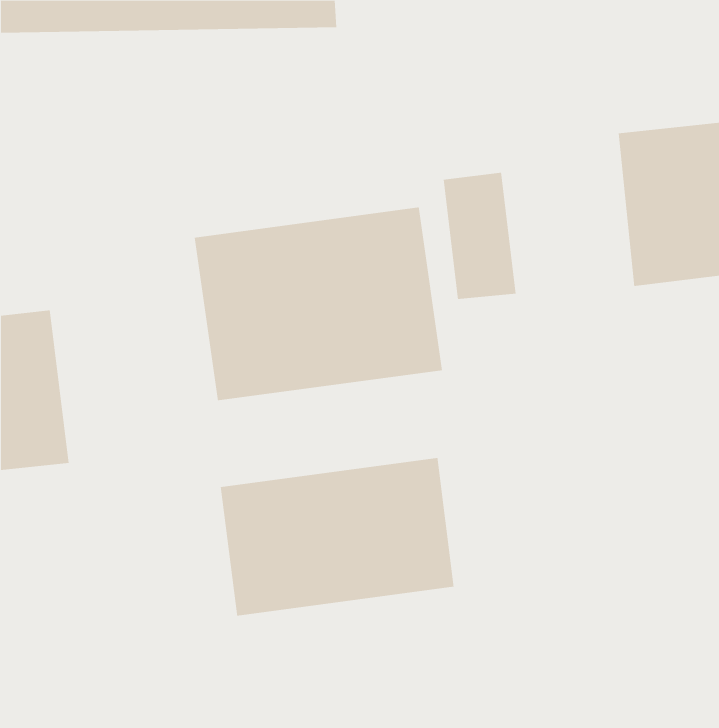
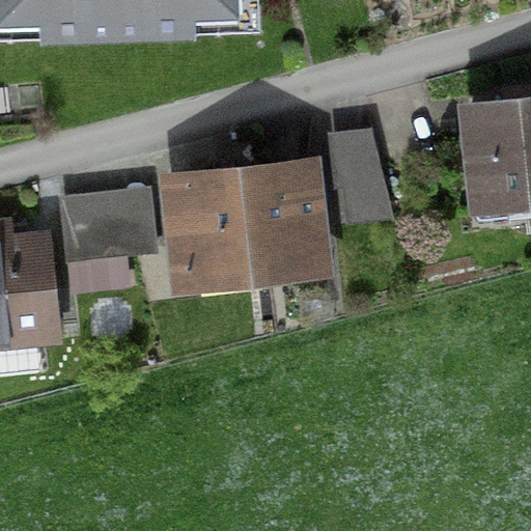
building: none -> [64,191,142,264]
building: [220,457,454,616] -> none

